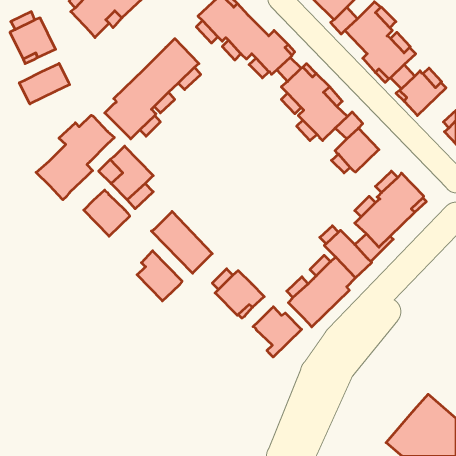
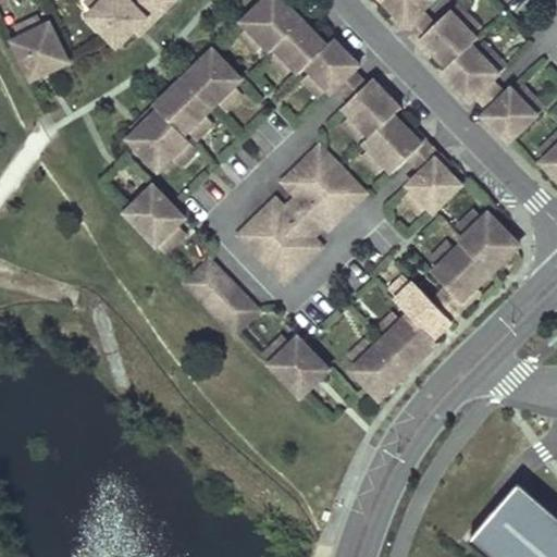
building: [19,63,70,104] -> none
building: [36,115,114,200] -> none
building: none -> [236,143,366,282]
building: [84,190,130,236] -> none
building: [137,251,182,301] -> none
building: [253,307,302,357] -> none

